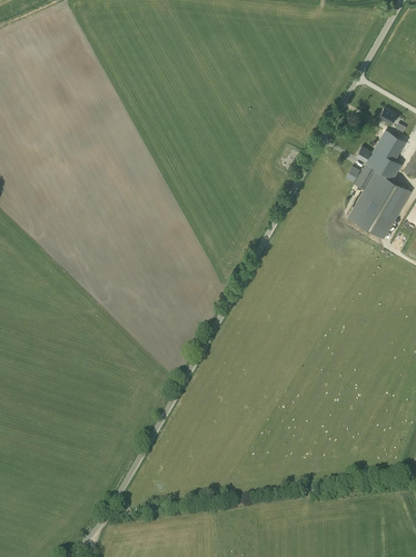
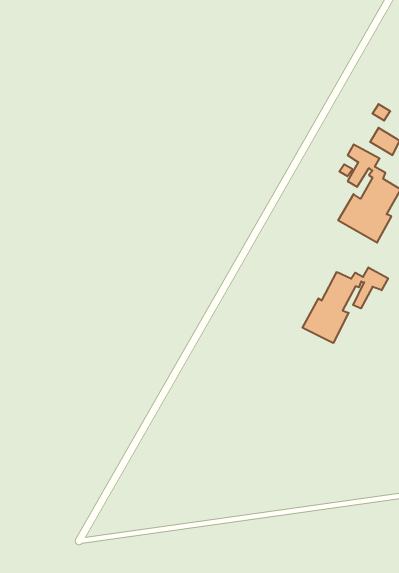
building: none -> [302,267,388,343]

